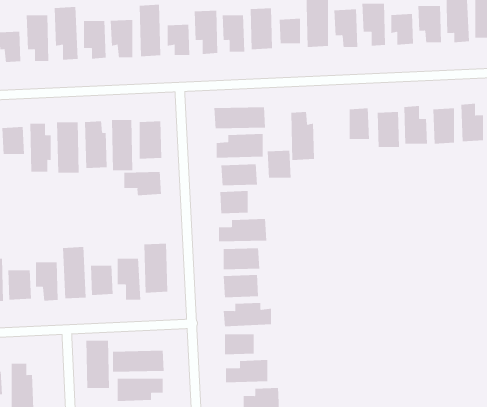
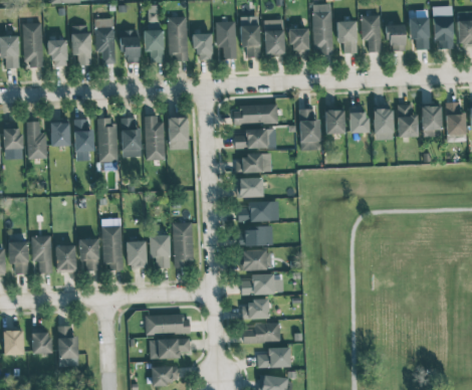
building: [267,150,291,178] -> [324,110,345,134]
building: [124,171,162,196] -> none
building: [86,340,109,389] -> none

